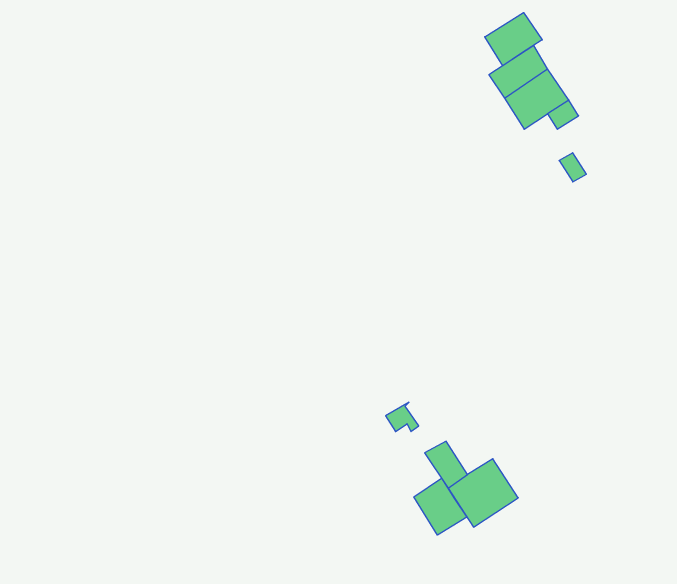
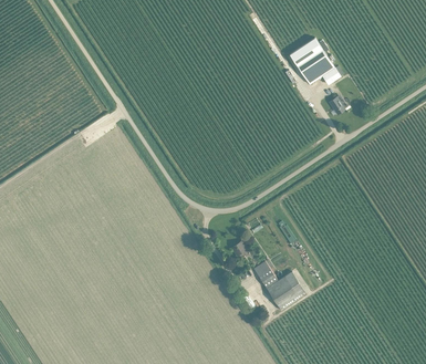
building: [485,13,542,66] -> none
building: [414,478,467,535] -> none

